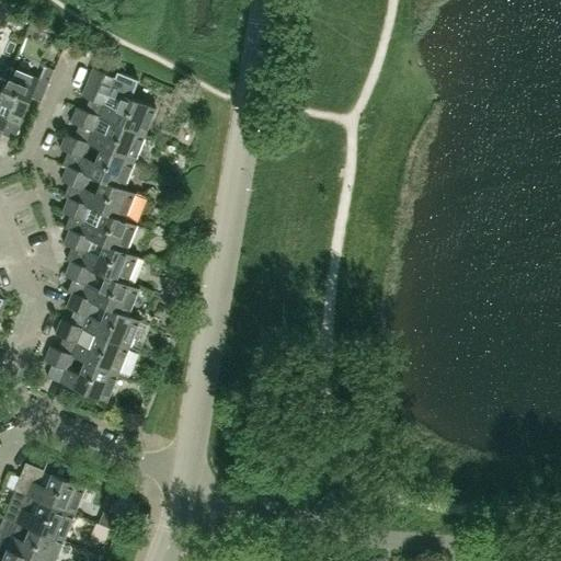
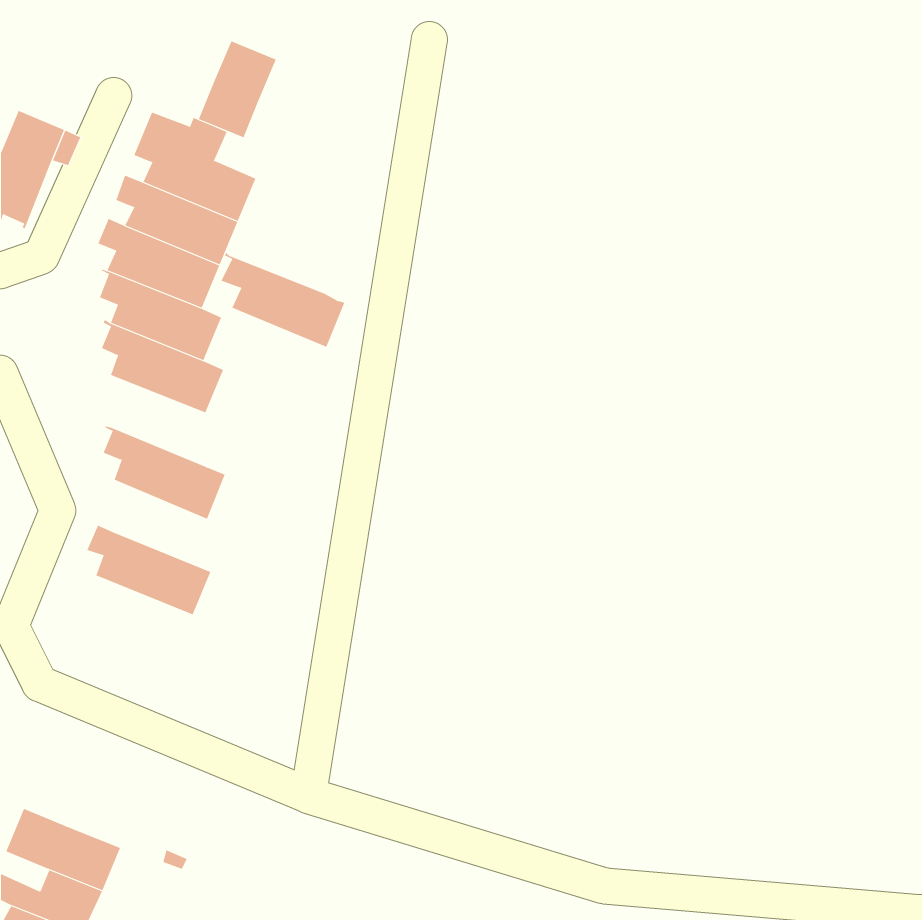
building: none -> [198,40,277,138]
building: [61,227,137,285] -> [221,252,345,348]
building: [64,291,139,348] -> none
building: [42,346,117,403] -> none
building: [14,457,85,516] -> none

